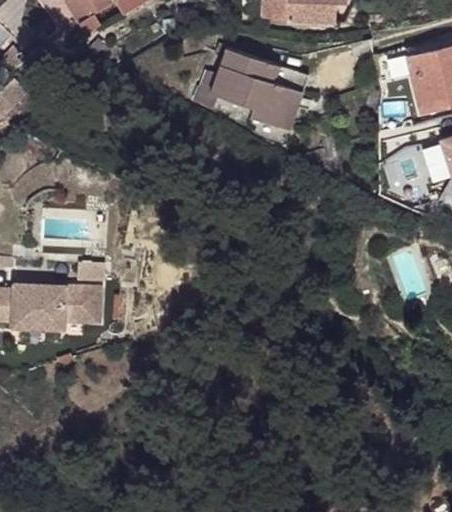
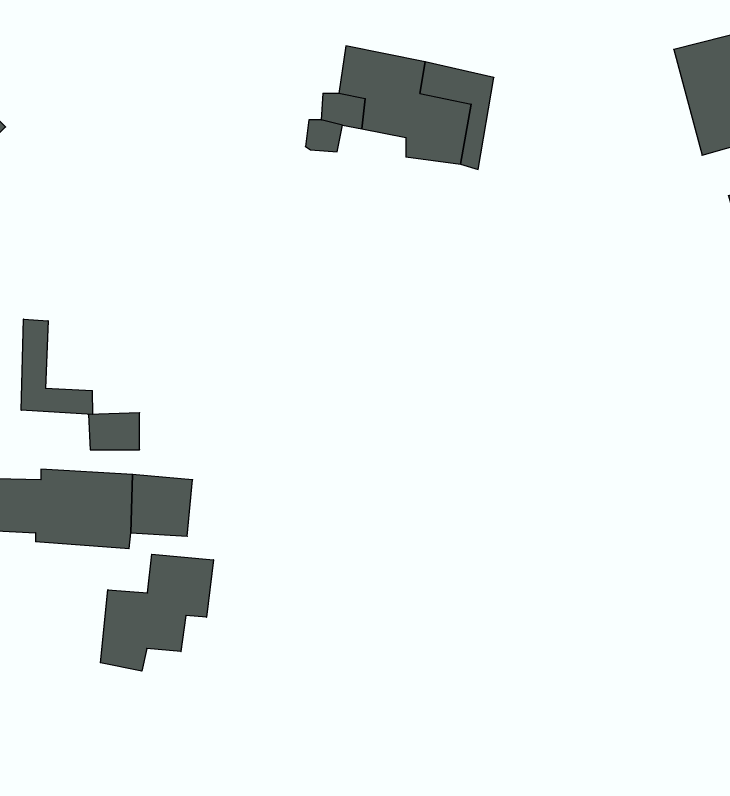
building: none -> [21,319,93,414]
building: none -> [100,554,213,671]

